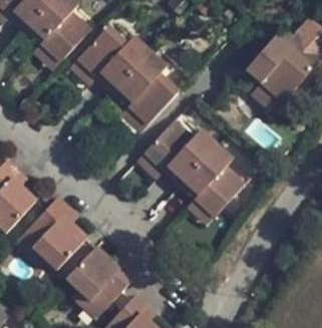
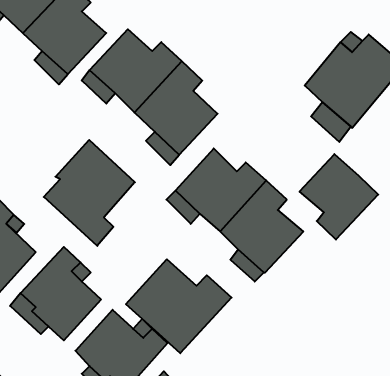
building: none -> [44,140,135,246]
building: none -> [300,154,378,240]
building: none -> [126,259,232,353]

